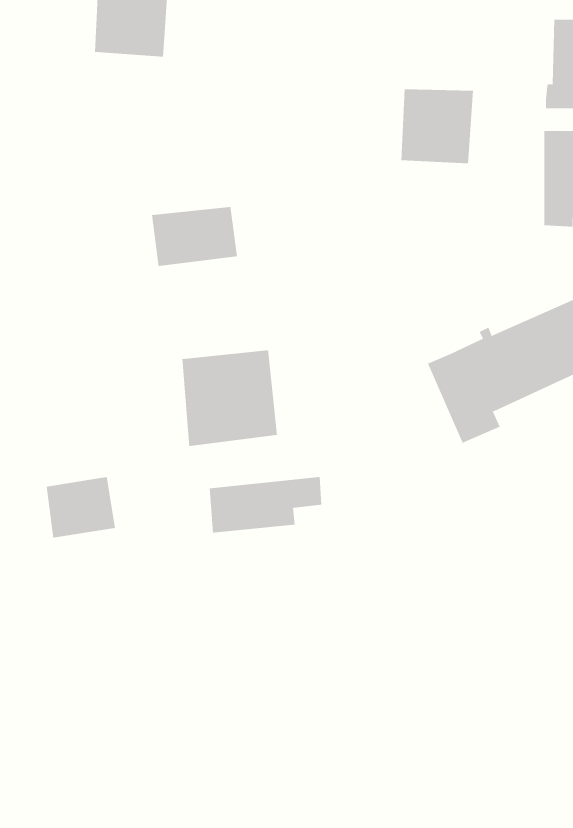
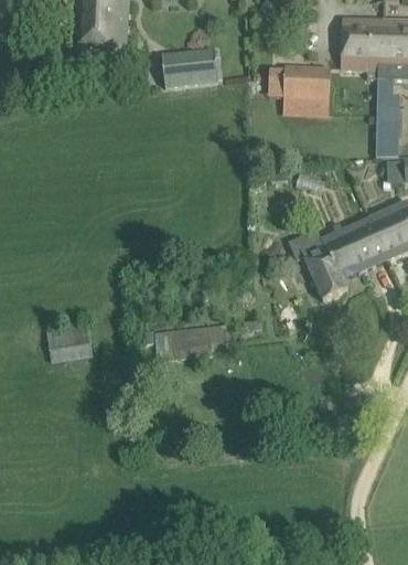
building: none -> [342,18,383,78]
building: [151,207,238,266] -> [161,47,218,87]
building: [182,350,277,447] -> none

